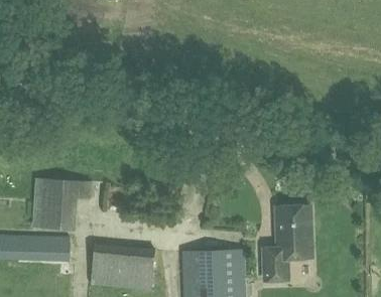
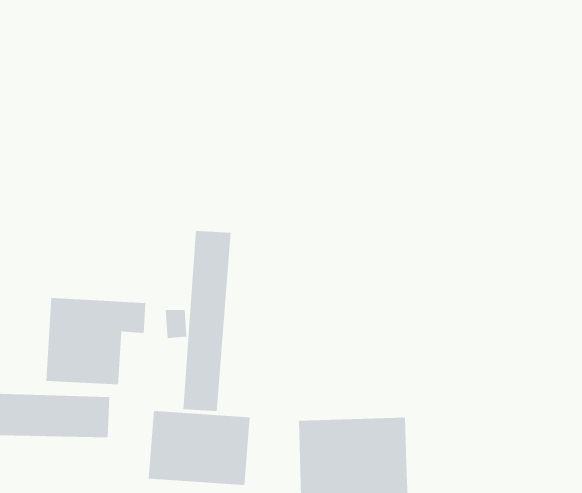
building: none -> [183,230,231,412]
building: [263,205,312,281] -> none

